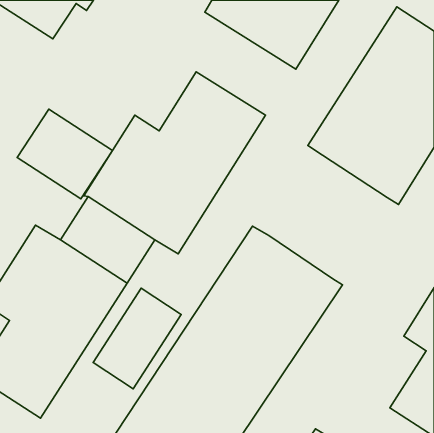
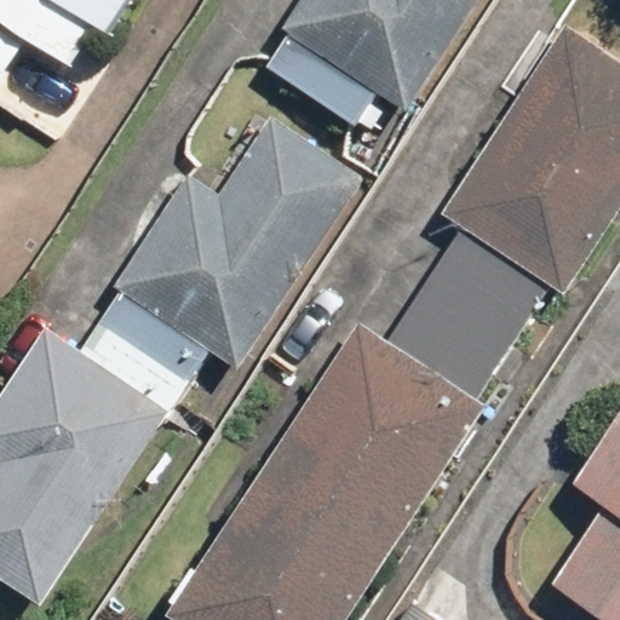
building: [17,109,112,199] -> none
building: none -> [377,230,542,403]
building: [93,288,181,389] -> none

